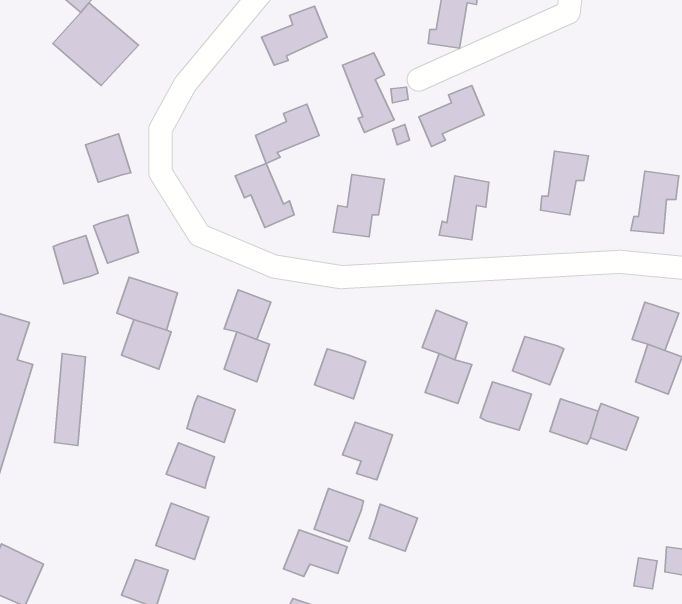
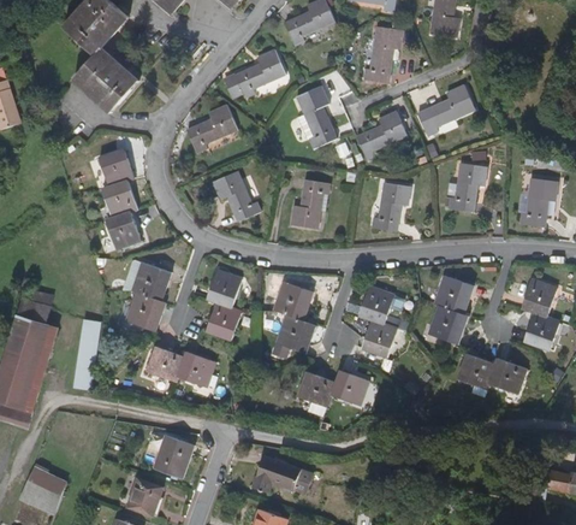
building: none -> [417,84,475,135]
building: [255,104,319,164] -> [188,105,237,151]
building: [53,236,98,284] -> [102,179,137,217]
building: none -> [273,281,311,319]
building: [480,382,531,430] -> [433,275,473,312]
building: [166,443,214,488] -> [146,346,183,381]
building: [314,488,364,542] -> none
building: [369,504,417,551] -> [331,368,368,405]

